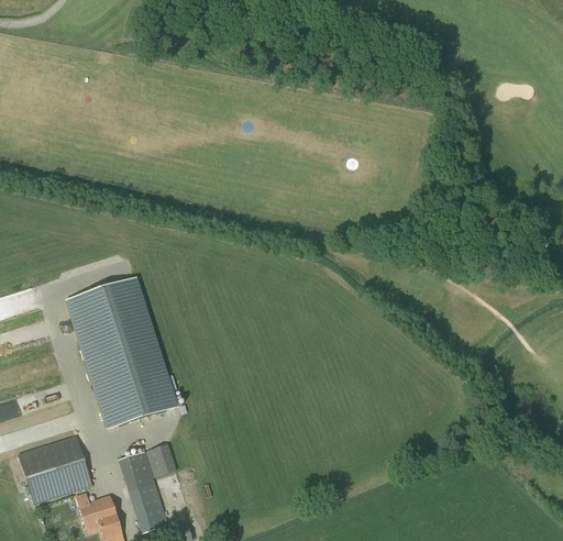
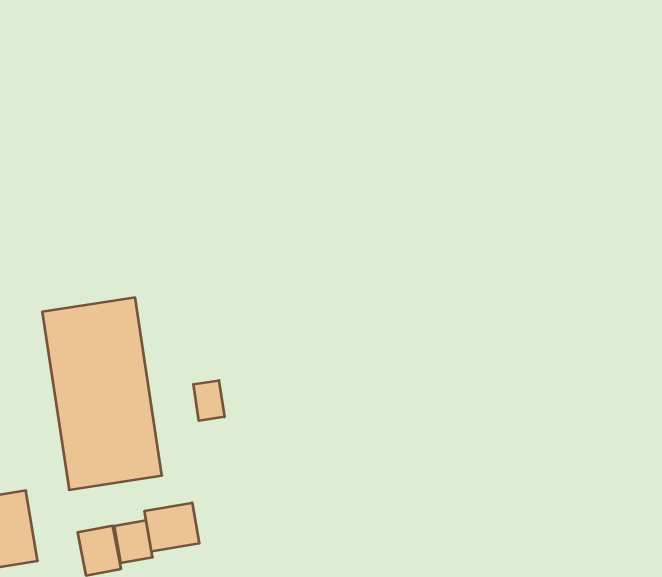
building: none -> [193,380,224,421]
building: none -> [145,503,199,552]

